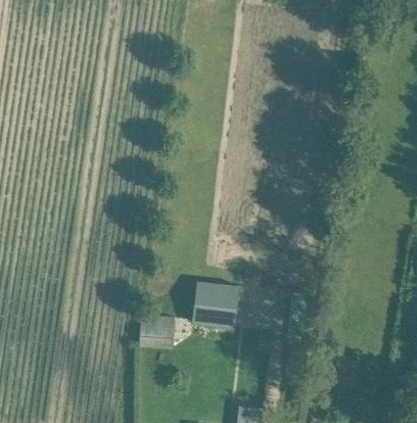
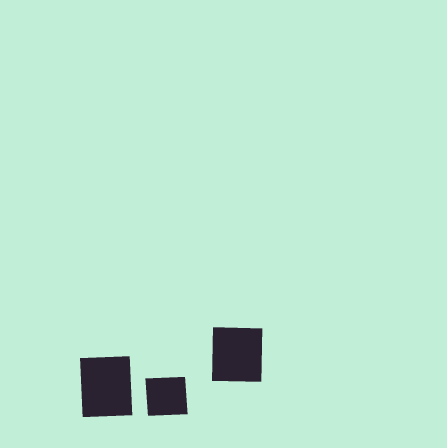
building: none -> [79,356,133,418]

